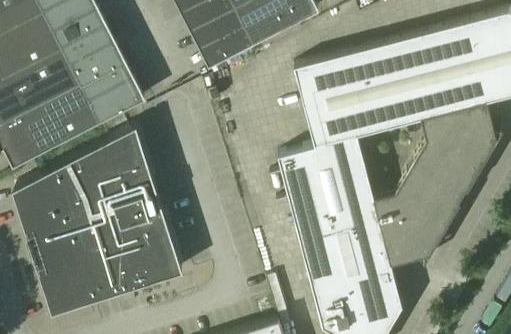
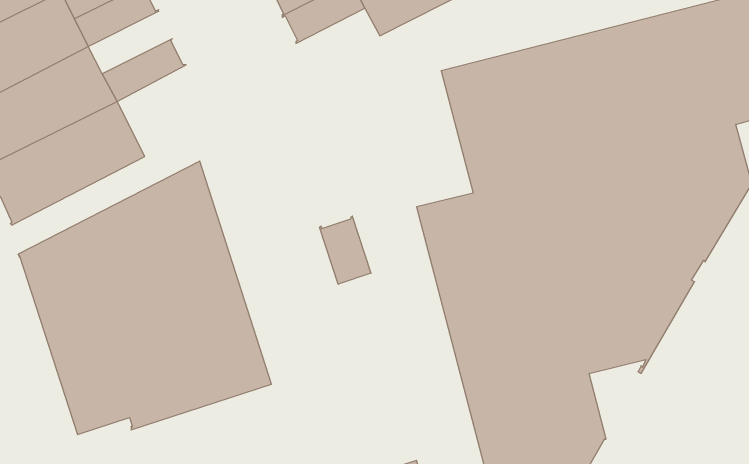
building: [198,26,253,67] -> none
building: [62,28,117,69] -> none
building: [81,63,145,123] -> none
building: none -> [320,216,371,284]

